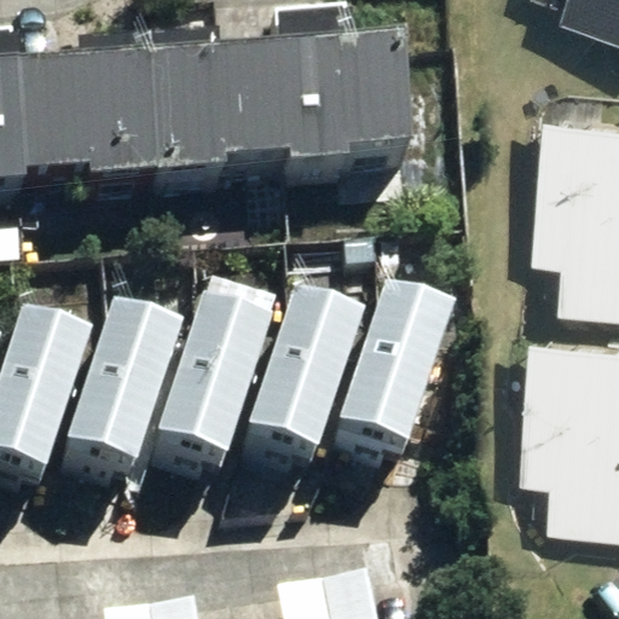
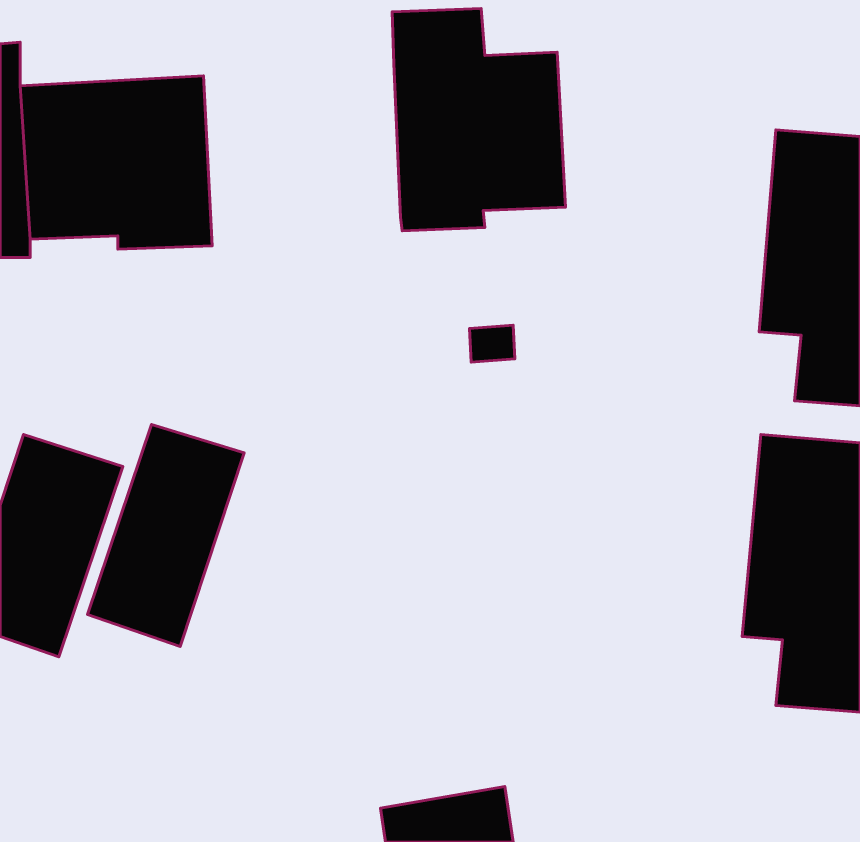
building: [146,46,288,177] -> none
building: [335,285,451,447] -> none
building: [243,291,360,452] -> none
building: [154,297,266,457] -> none

